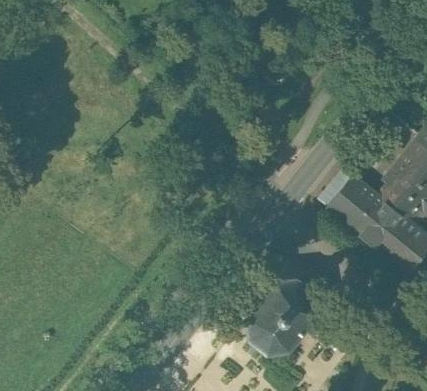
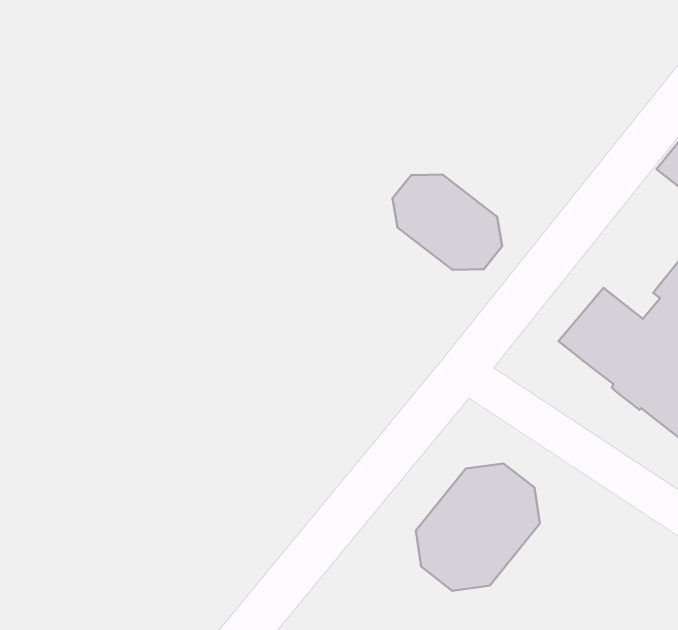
building: none -> [393,174,502,270]

